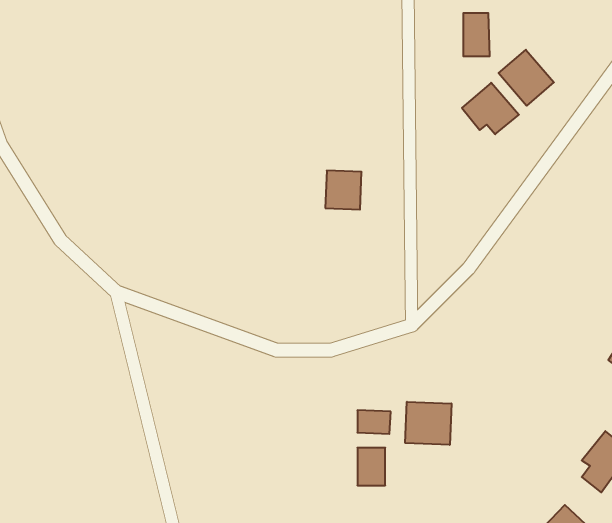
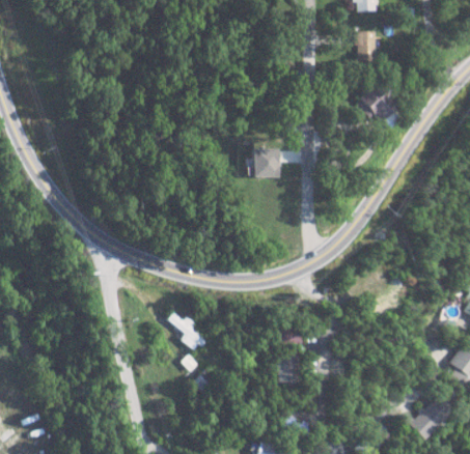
building: [499,50,554,106] -> none
building: none -> [168,313,210,350]
building: [405,402,451,445] -> none

